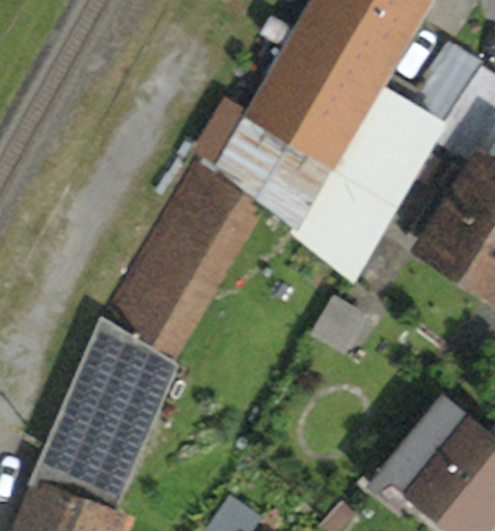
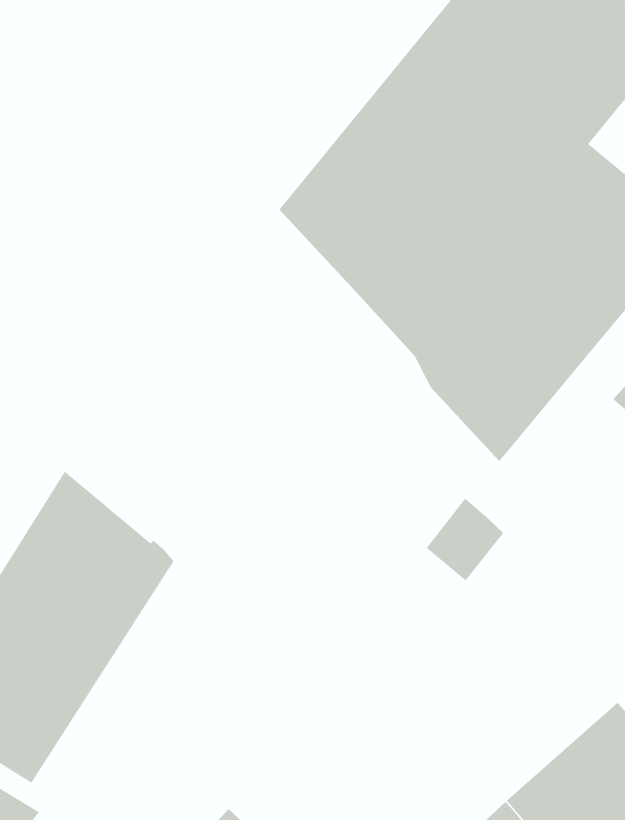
building: [104,153,255,357] -> none

